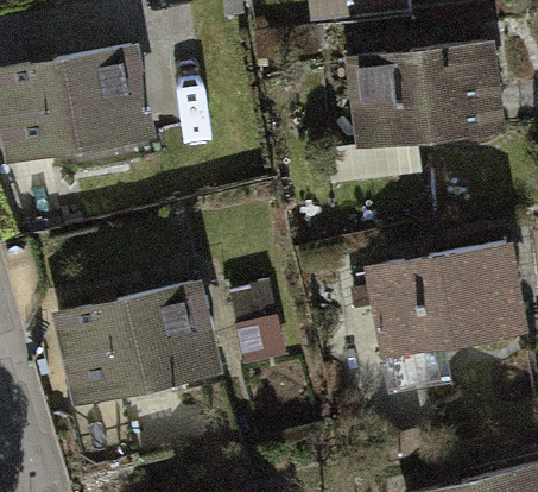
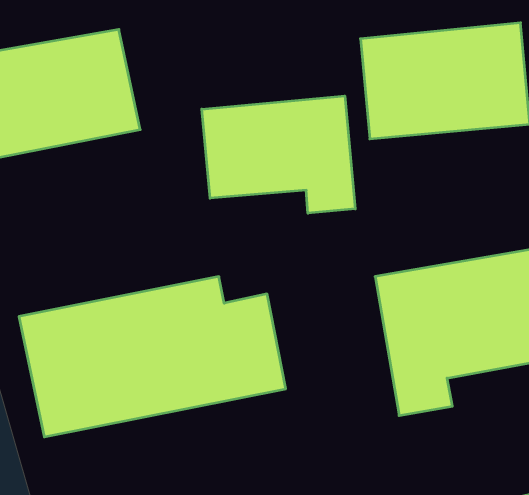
building: none -> [202,96,355,213]

